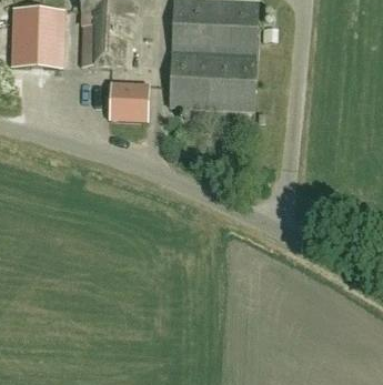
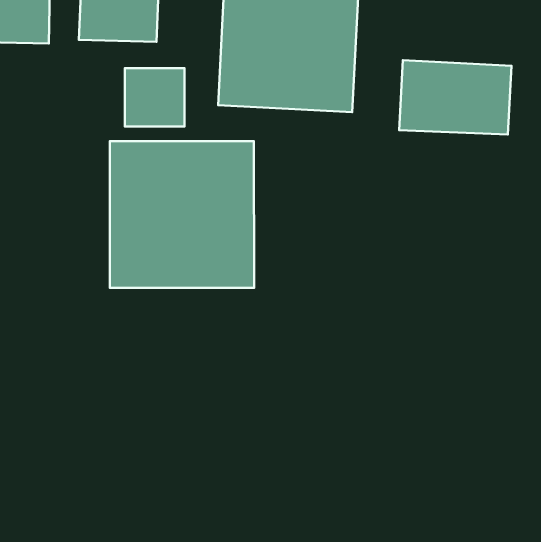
building: none -> [399,60,511,134]
building: none -> [110,141,254,288]

